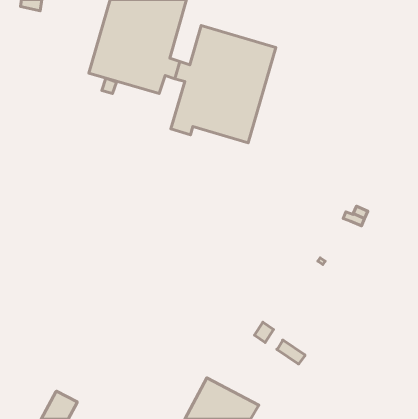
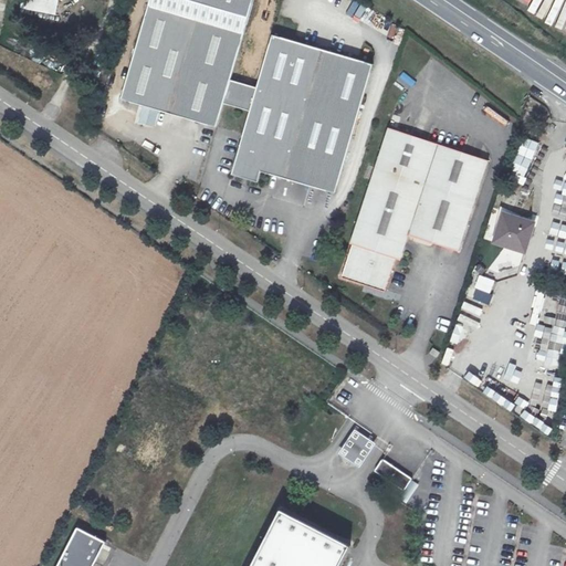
building: none -> [339,127,486,291]
building: none -> [492,212,532,251]

